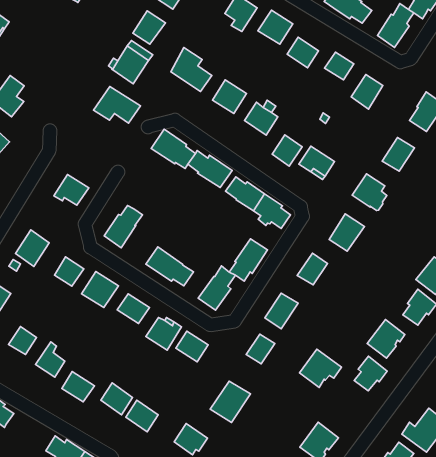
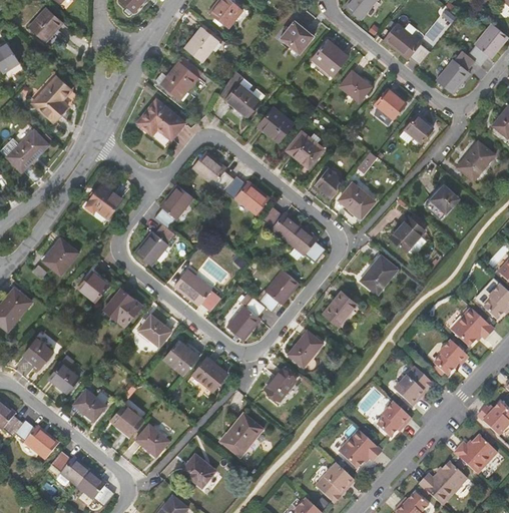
building: none -> [154,184,194,227]
building: [300,349,342,388] -> [334,430,377,469]
building: none -> [16,418,60,457]

